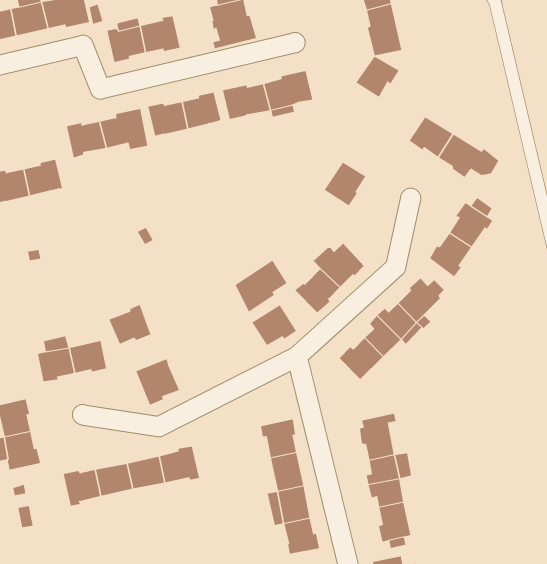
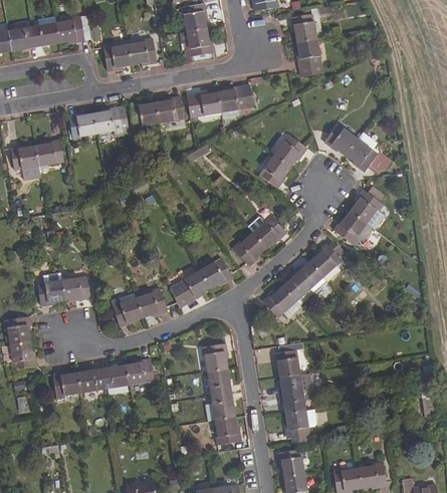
building: [355,56,399,97] -> [273,135,306,166]
building: [235,260,288,313] -> [170,269,209,307]
building: [108,304,151,344] -> [136,287,167,316]

